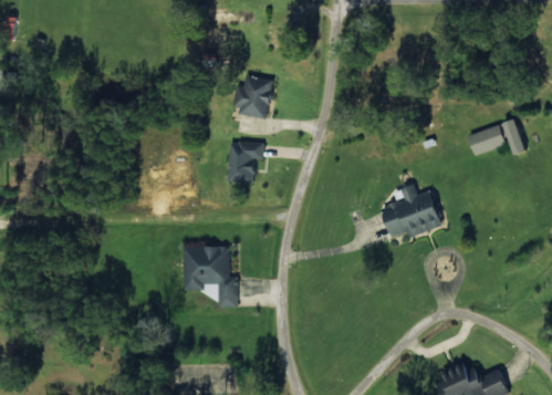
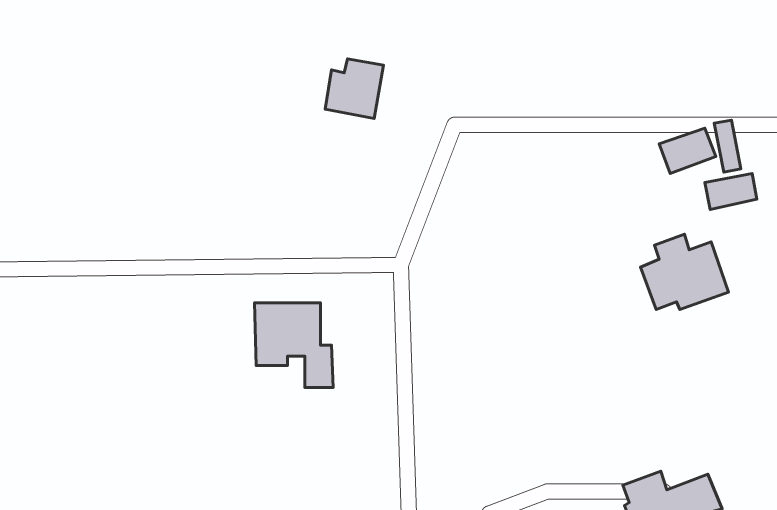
building: [227,142,262,183] -> none
building: none -> [705,173,757,209]
building: [382,184,444,237] -> [640,234,729,310]

